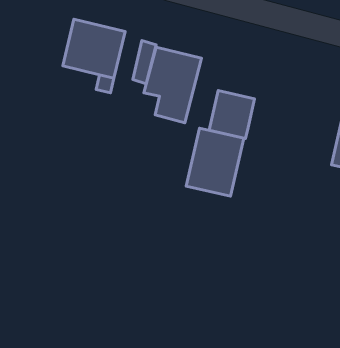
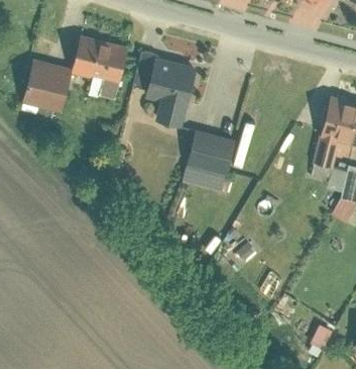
building: none -> [24,61,71,110]
building: [209,91,255,139] -> none

